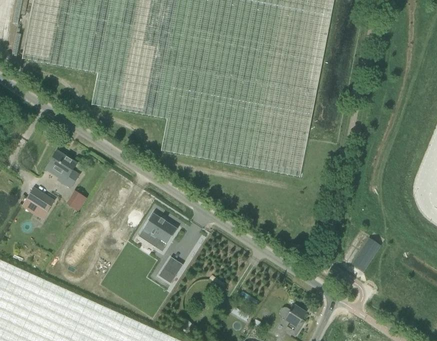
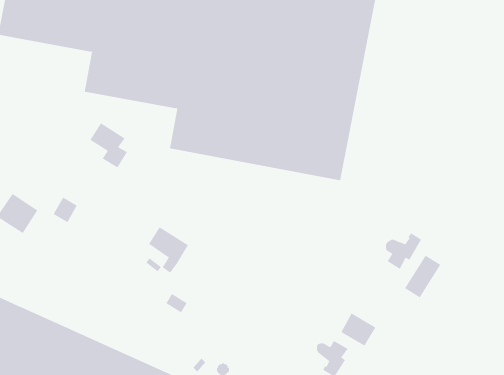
building: [48,151,79,188] -> [90,122,128,168]
building: none -> [385,233,422,270]
building: none -> [340,312,376,346]

